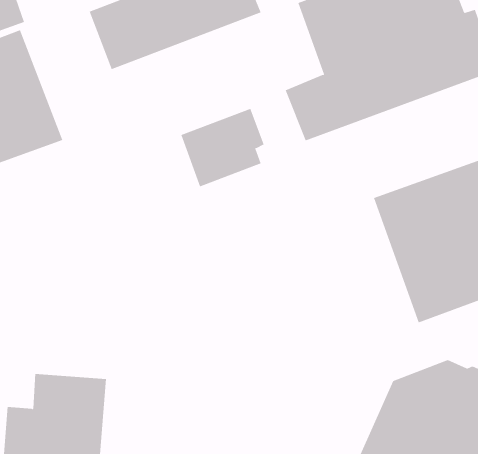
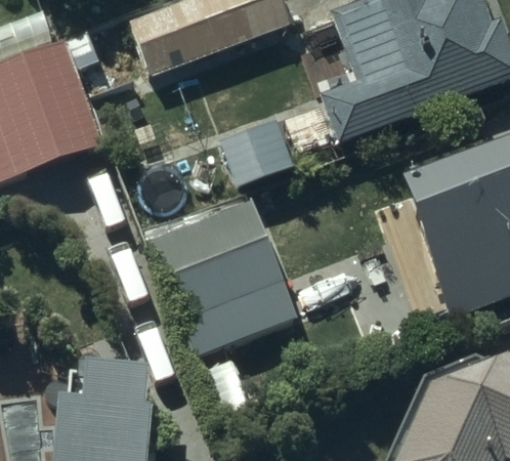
building: none -> [151,201,298,355]

